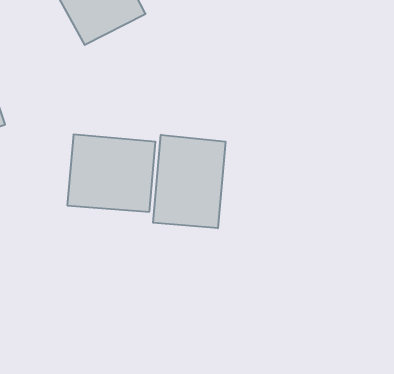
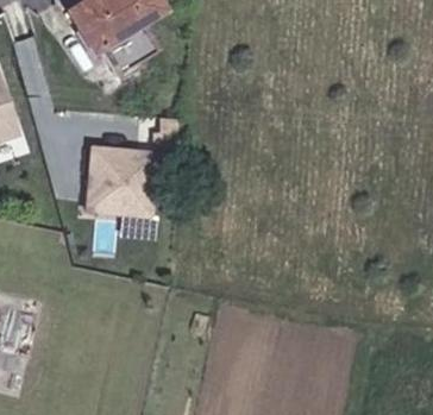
building: [153,135,225,228] -> none

